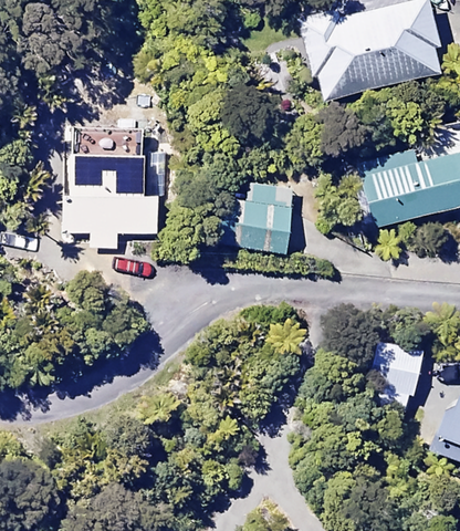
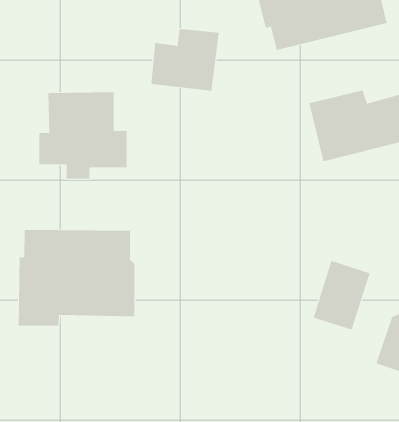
building: [221,183,296,251] -> [151,28,219,91]
building: none -> [18,229,135,327]

